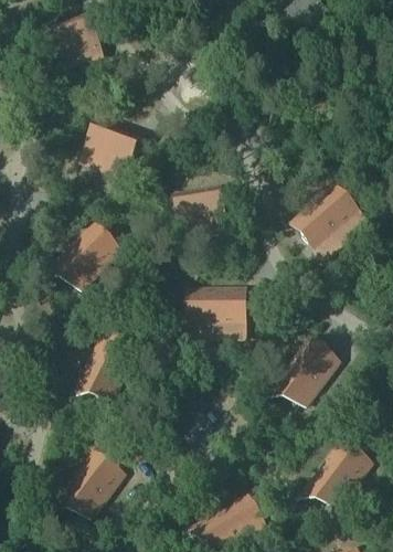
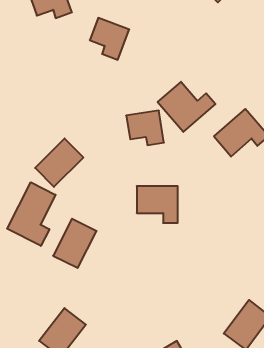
building: [86,120,139,177] -> [90,18,129,60]
building: none -> [158,82,215,132]
building: none -> [7,182,56,246]
building: [274,338,337,405] -> none

